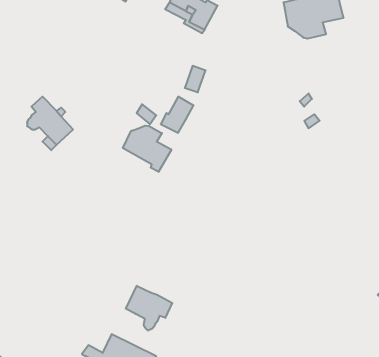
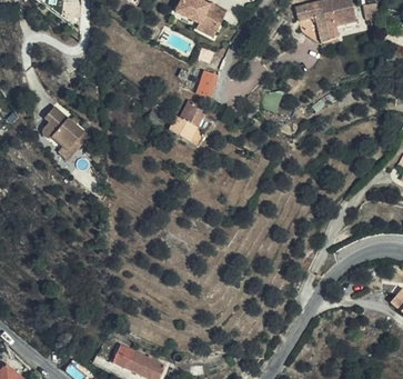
building: [123,126,171,172] -> none
building: [126,286,172,331] -> none

